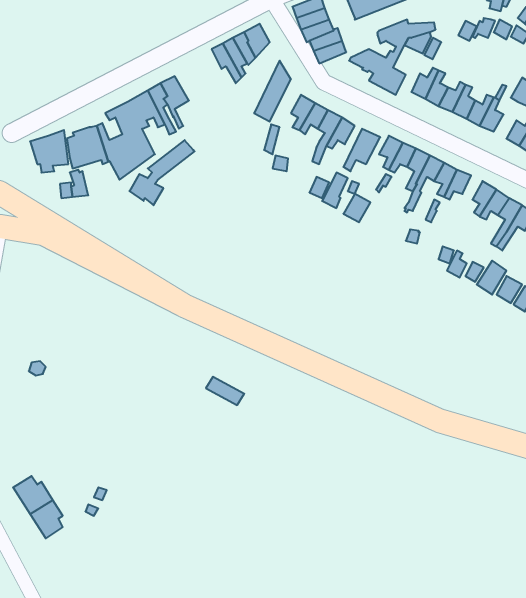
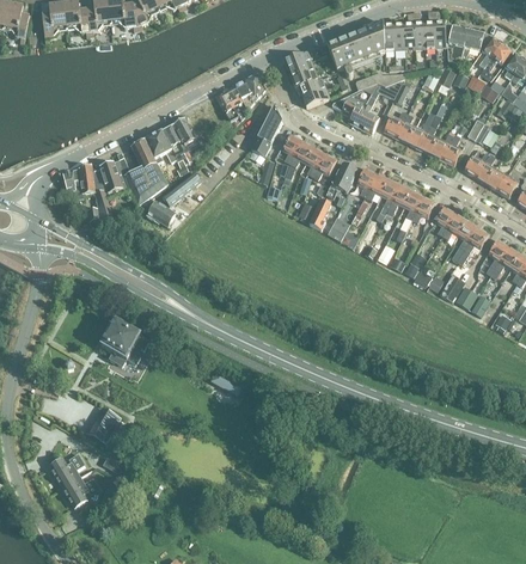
building: none -> [100,320,148,364]
building: none -> [90,407,120,441]

